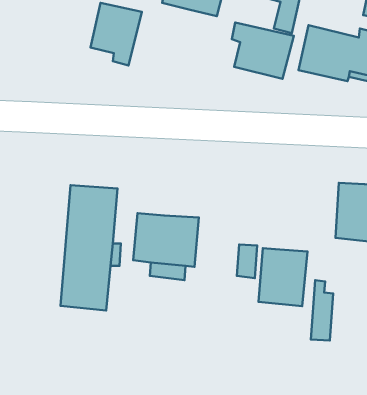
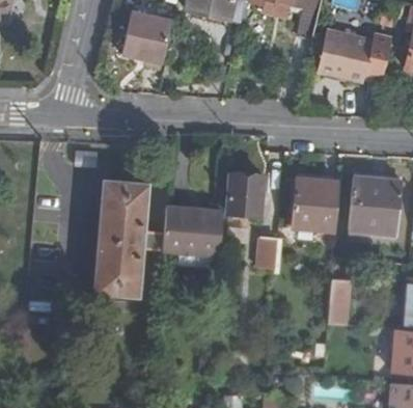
building: [232,22,294,79] -> none
building: none -> [227,170,265,213]
building: [258,248,308,306] -> [294,175,339,229]

